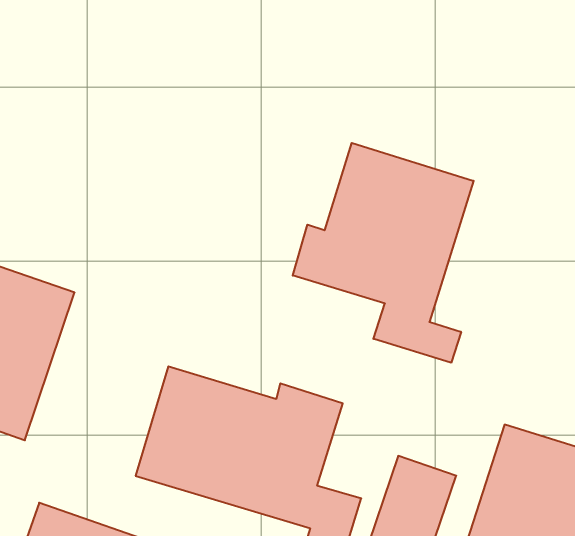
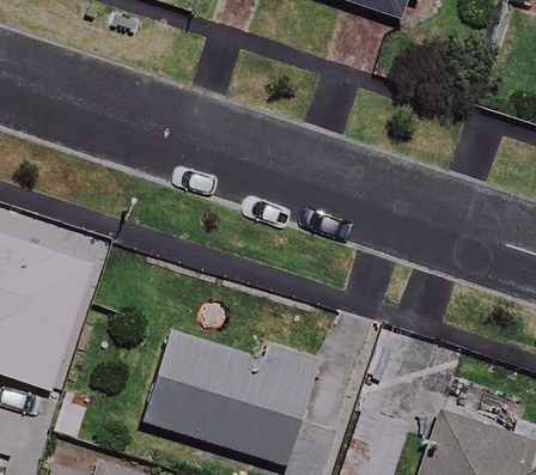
building: [293,143,474,363] -> none

